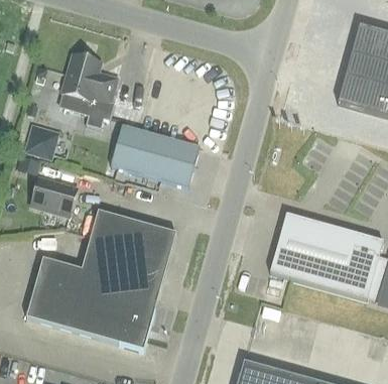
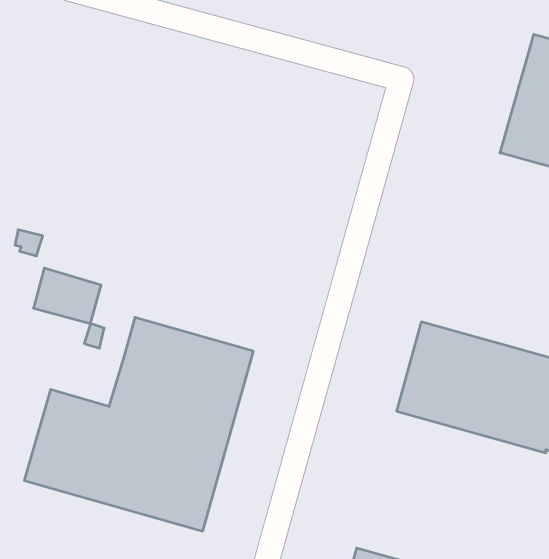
building: [59,53,116,127] -> none
building: [24,125,57,158] -> none
building: [110,125,200,185] -> none

